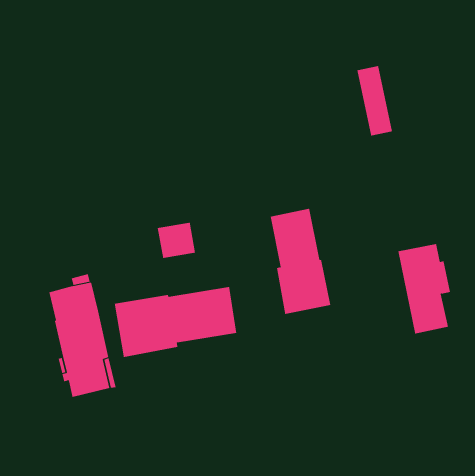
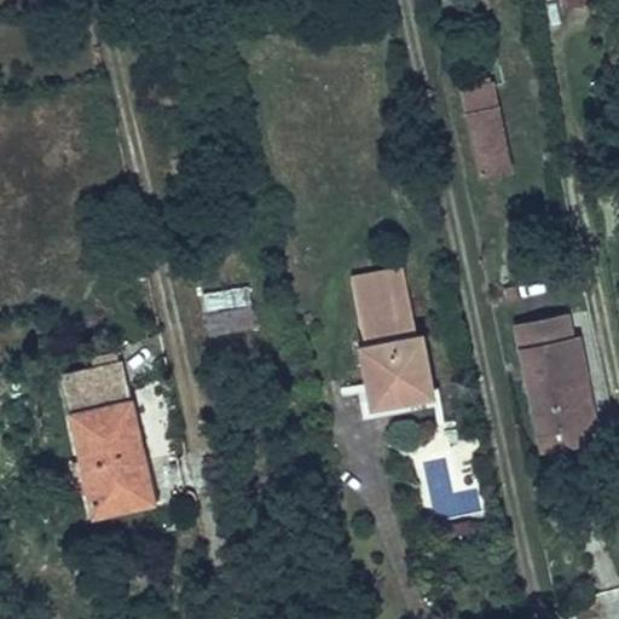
building: [114,286,237,358] -> none
building: none -> [539,380,596,452]
building: none -> [432,464,481,516]

